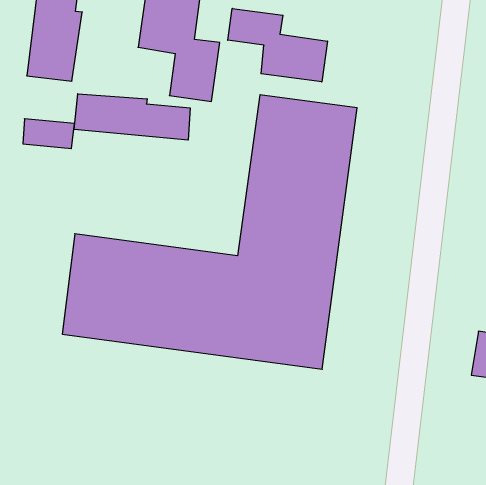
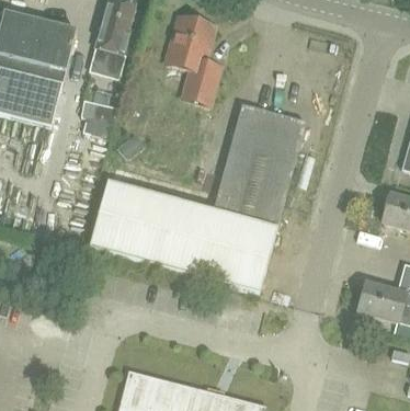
building: [228,8,327,82] -> none
building: [74,94,190,140] -> none

